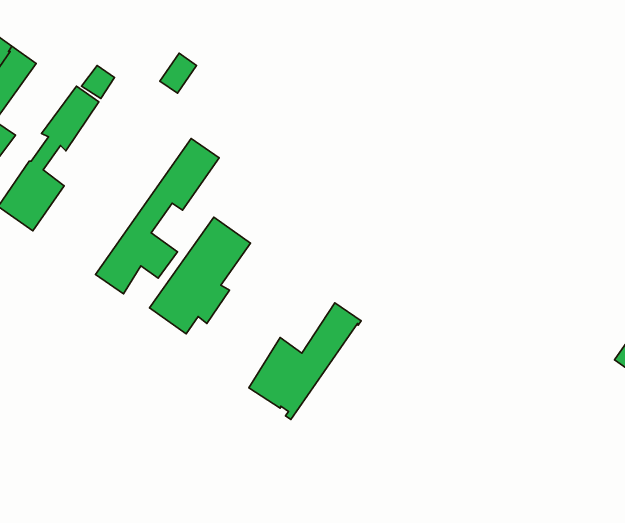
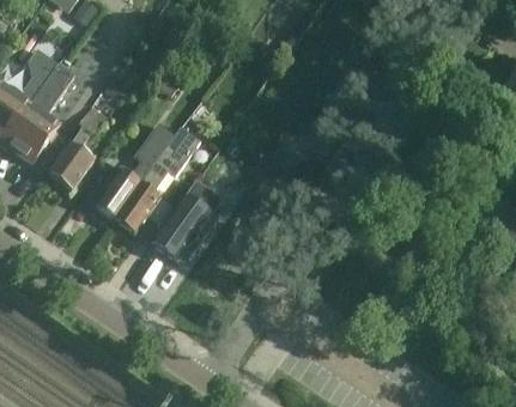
building: none -> [96,124,175,220]
building: [249,303,361,420] -> none

